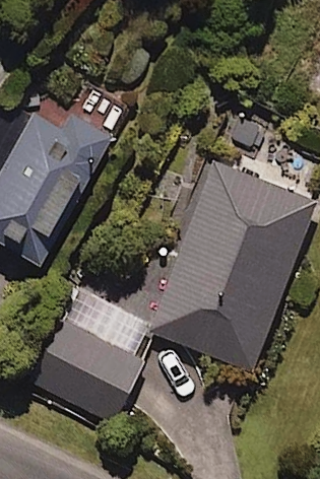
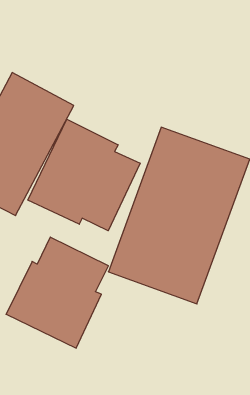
building: none -> [28,119,140,231]

